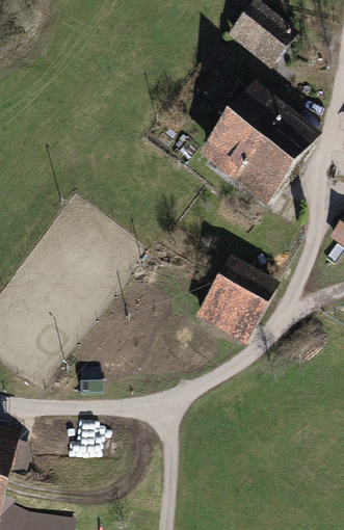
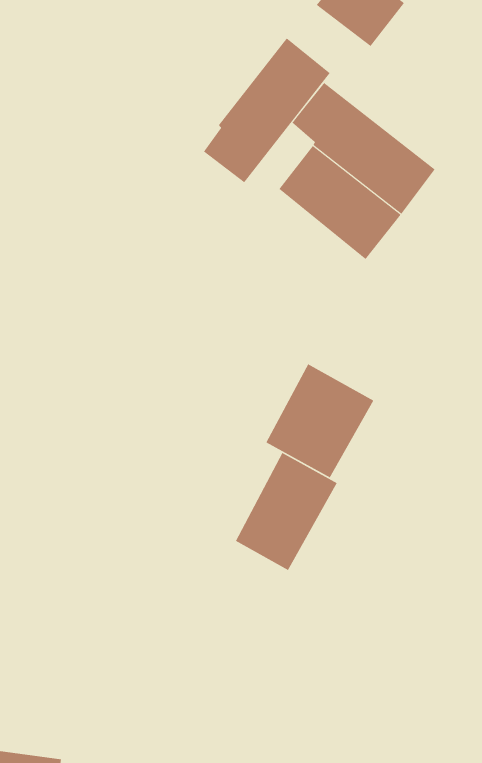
building: none -> [203,37,330,183]
building: none -> [235,452,337,571]

